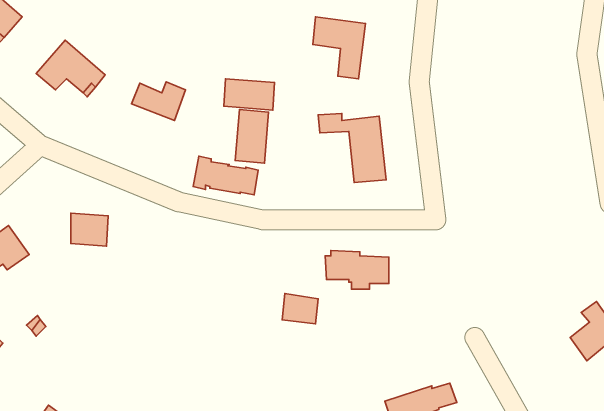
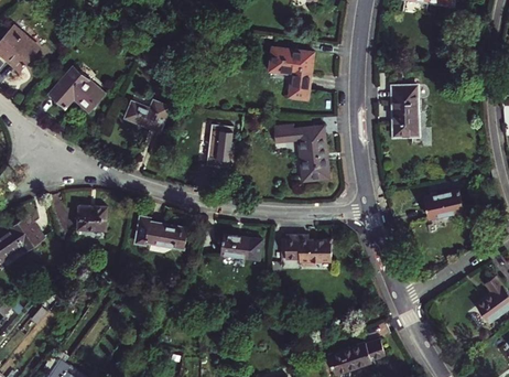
building: none -> [392,86,418,136]
building: [224,79,275,110] -> none
building: [193,156,258,195] -> [136,217,187,248]
building: none -> [423,190,464,218]
building: [282,293,318,324] -> [220,234,249,258]

